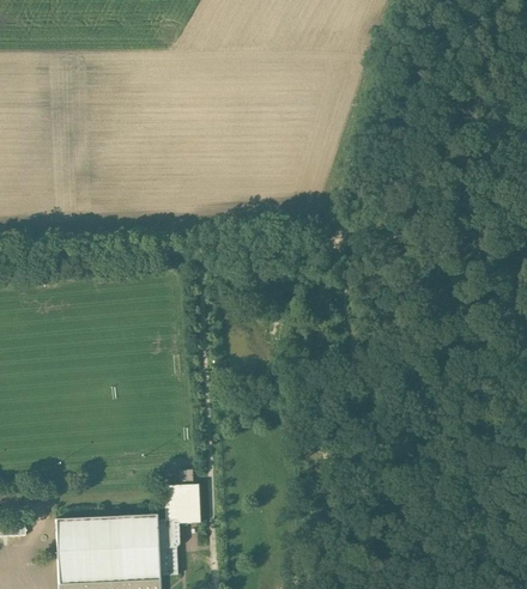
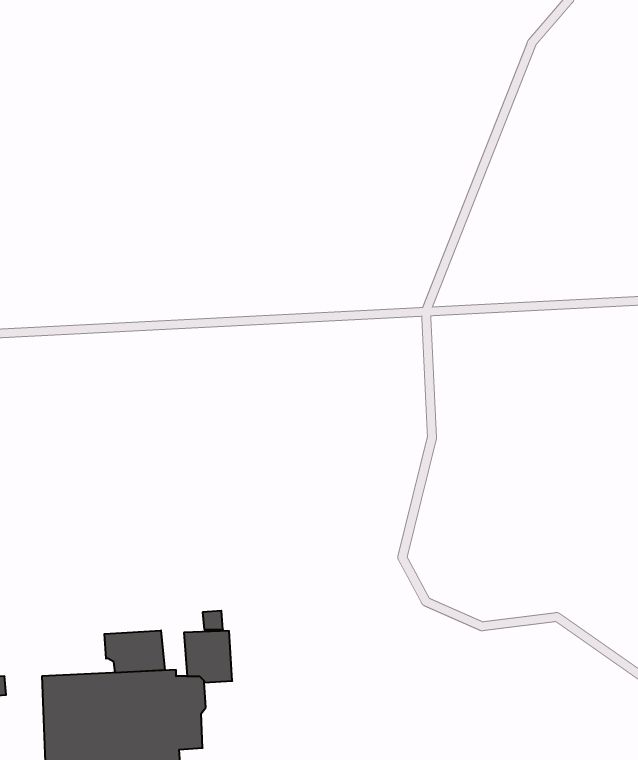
building: none -> [104,630,165,673]

